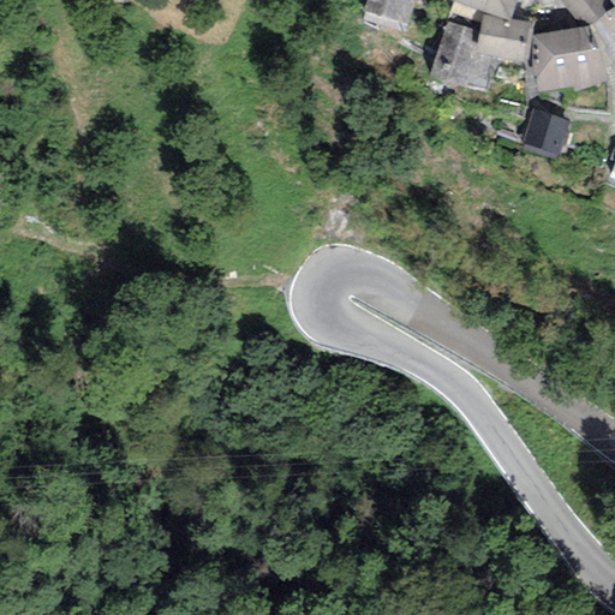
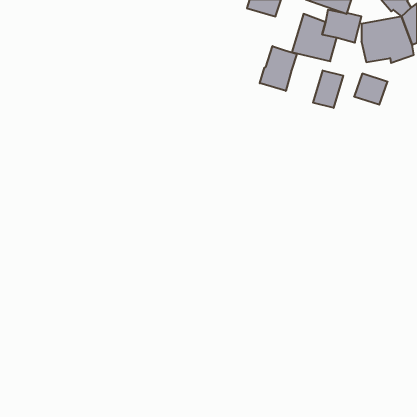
building: none -> [260,46,297,91]
building: none -> [313,70,343,108]

